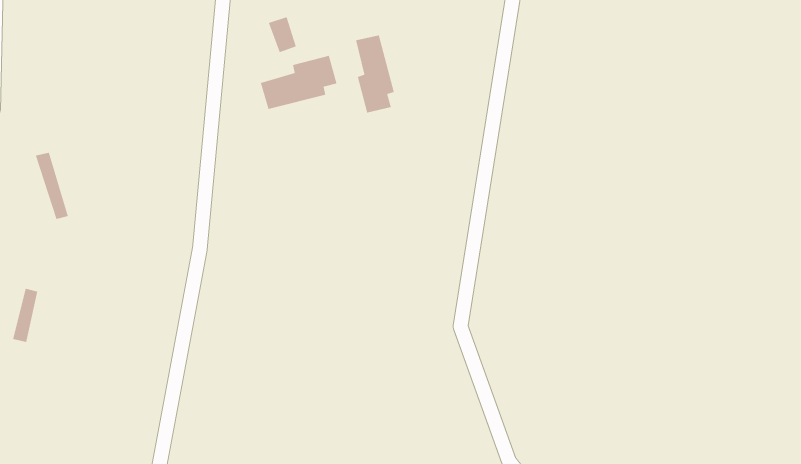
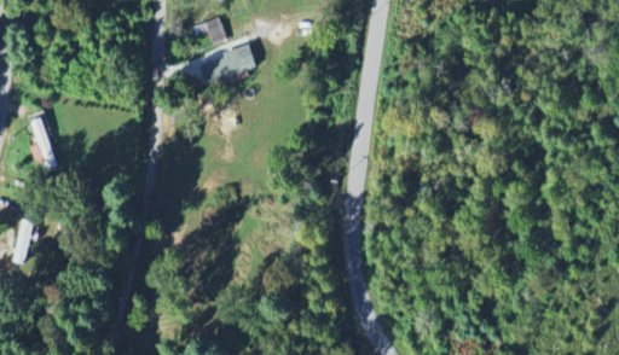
building: [355,35,395,114] -> none

